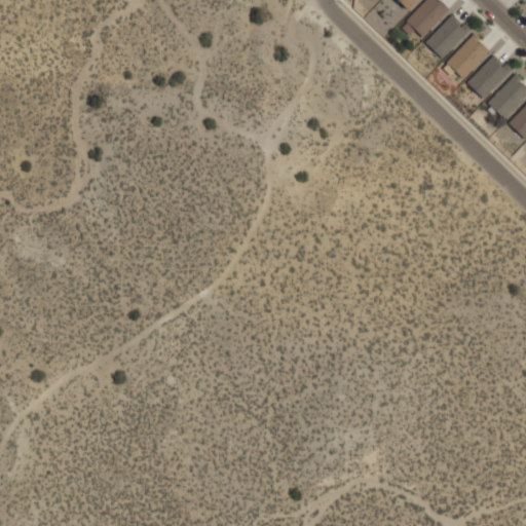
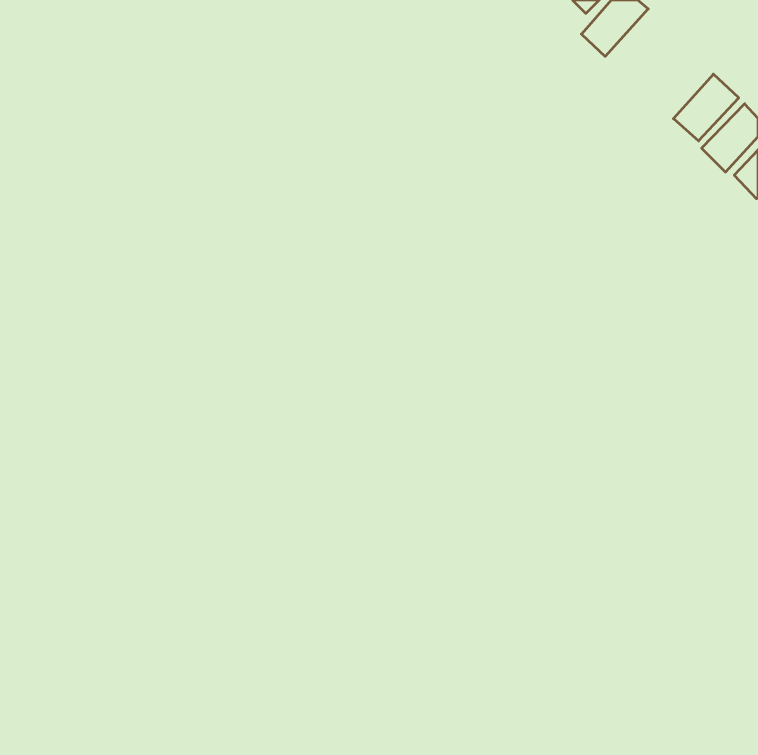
building: [425,13,471,59] -> none
building: [446,34,491,78] -> none

